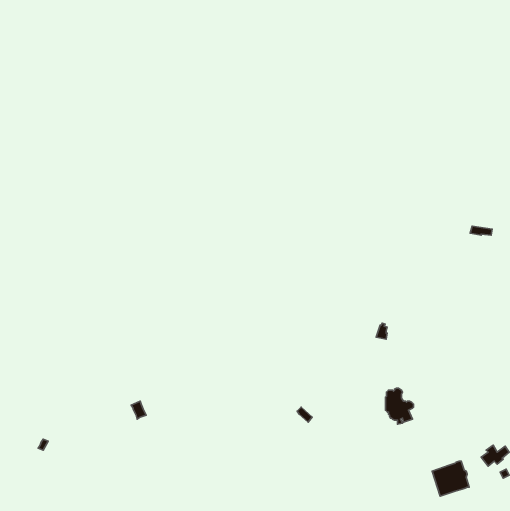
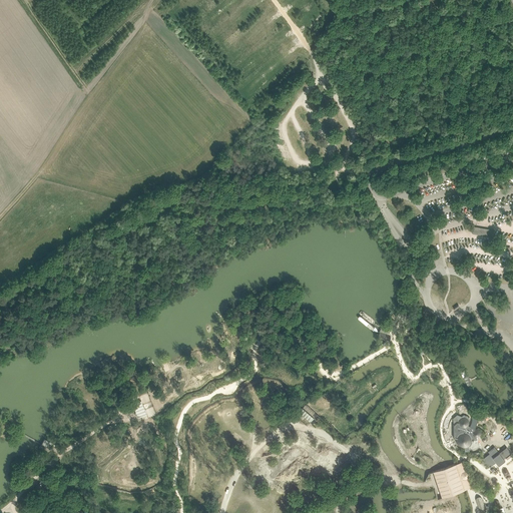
building: [385,388,413,424] -> [452,415,480,451]

